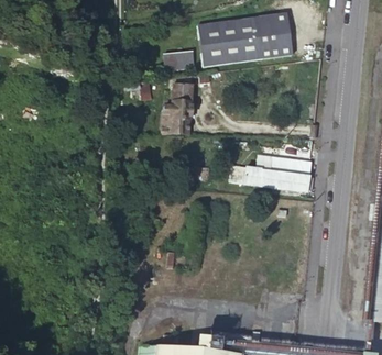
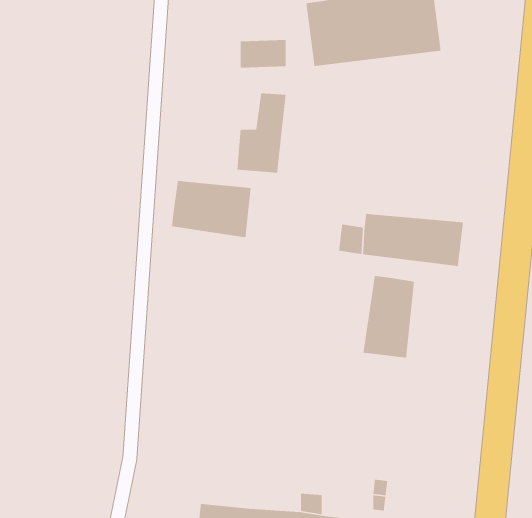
building: none -> [171,180,252,238]
building: none -> [362,275,415,358]

